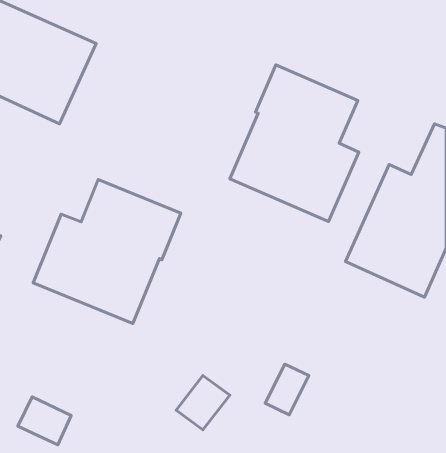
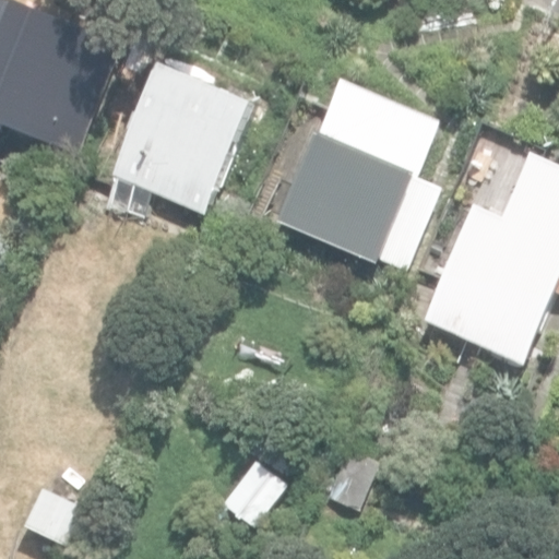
building: none -> [114,63,250,213]
building: [33,180,181,323] -> none

